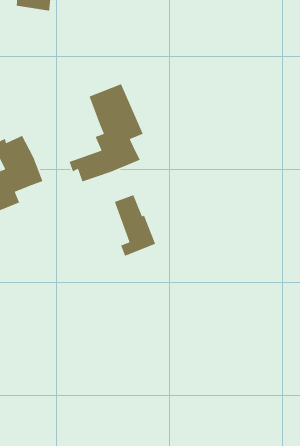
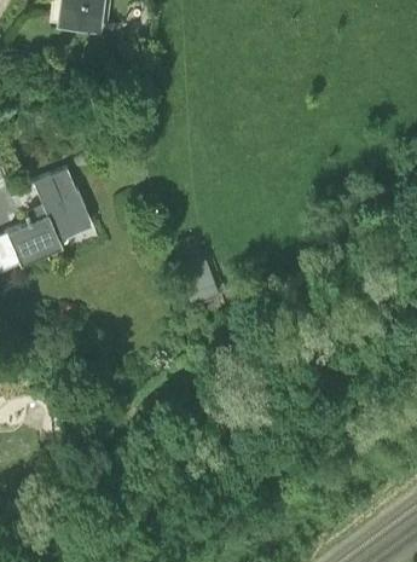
building: [69,83,144,183] -> none

